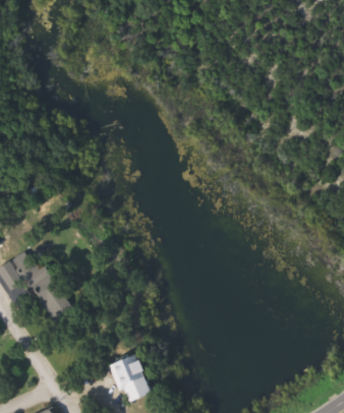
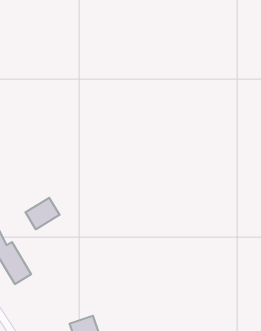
building: none -> [25,198,60,229]

